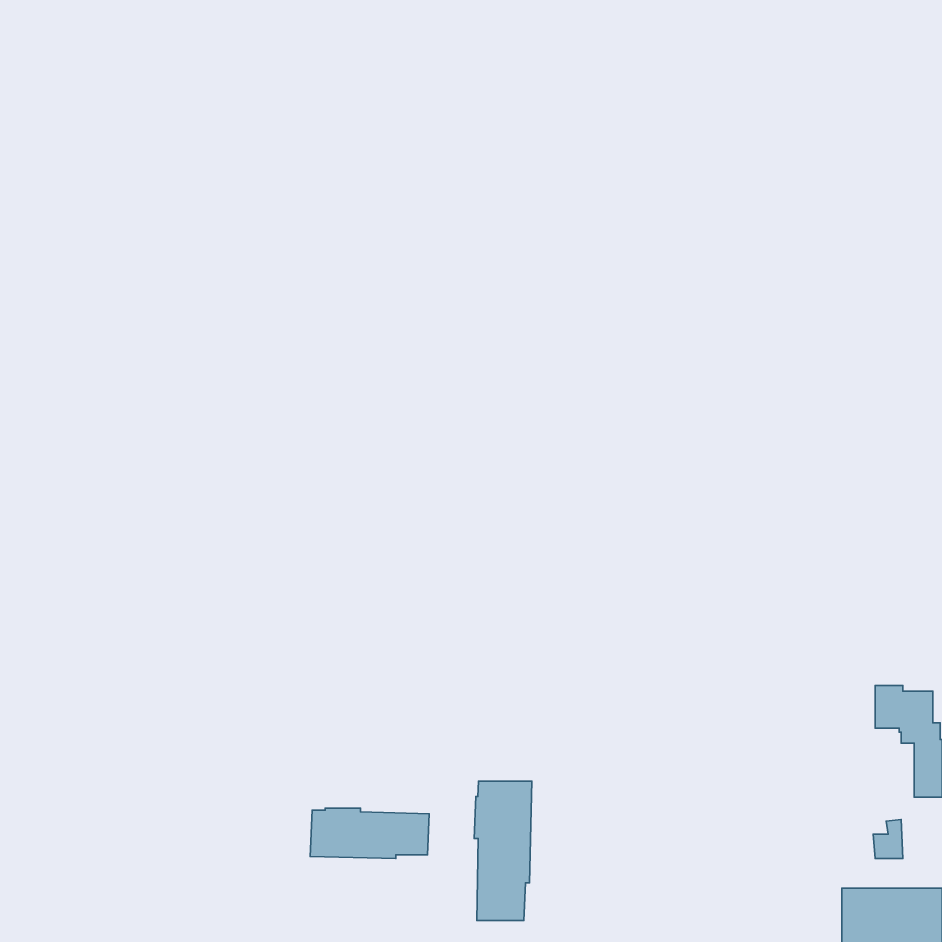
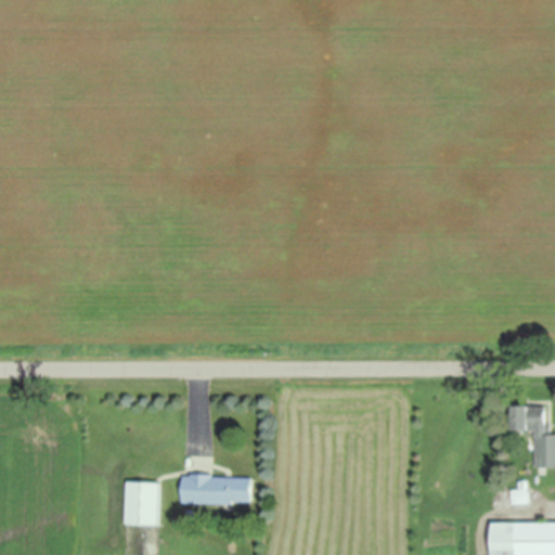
building: [474,781,532,920] -> none
building: none -> [125,482,158,525]

